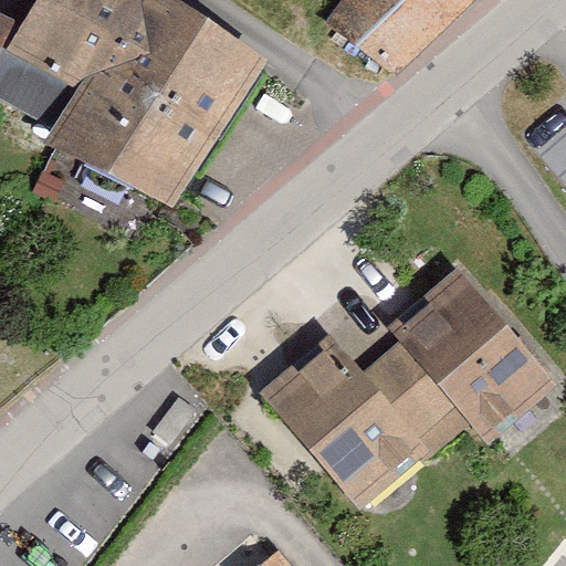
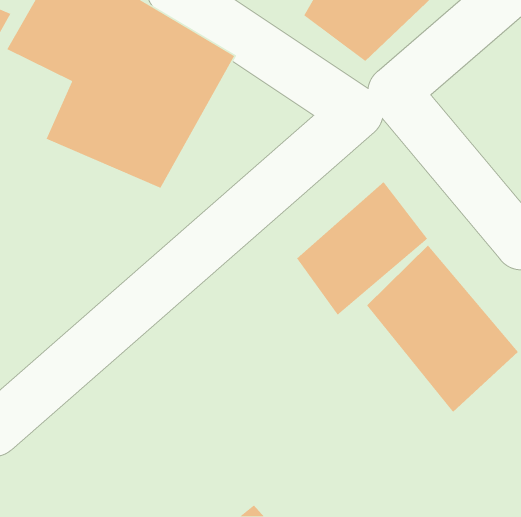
building: none -> [296,181,428,316]
building: [258,333,446,505] -> none

